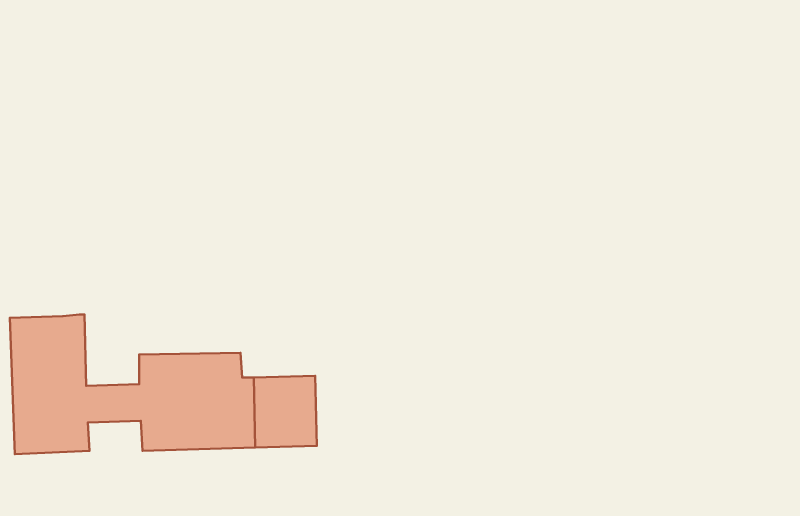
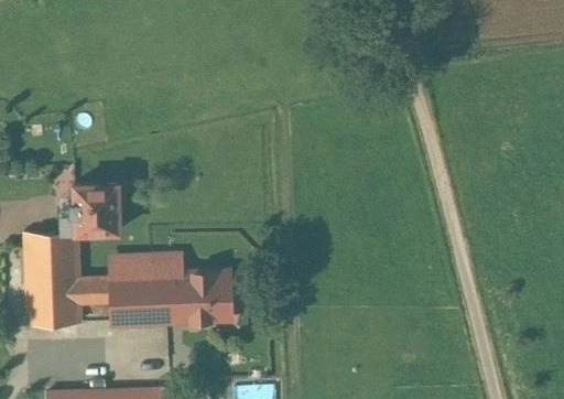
building: none -> [61,183,120,233]

